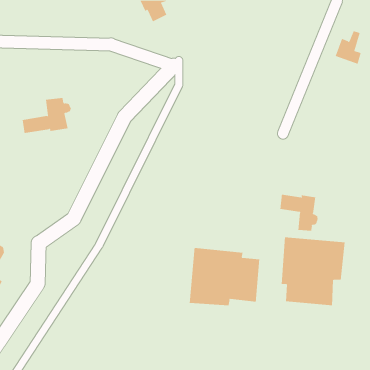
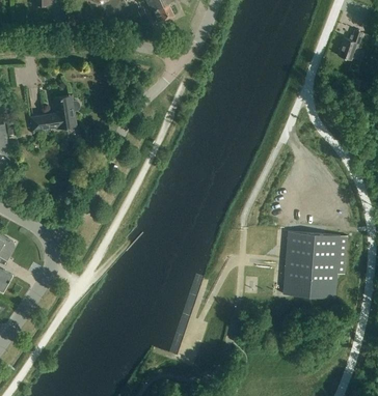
building: [280,194,318,232] -> none
building: [189,247,260,306] -> none

